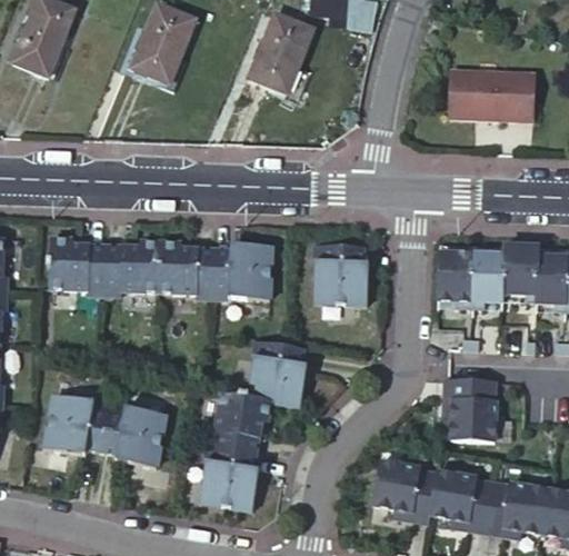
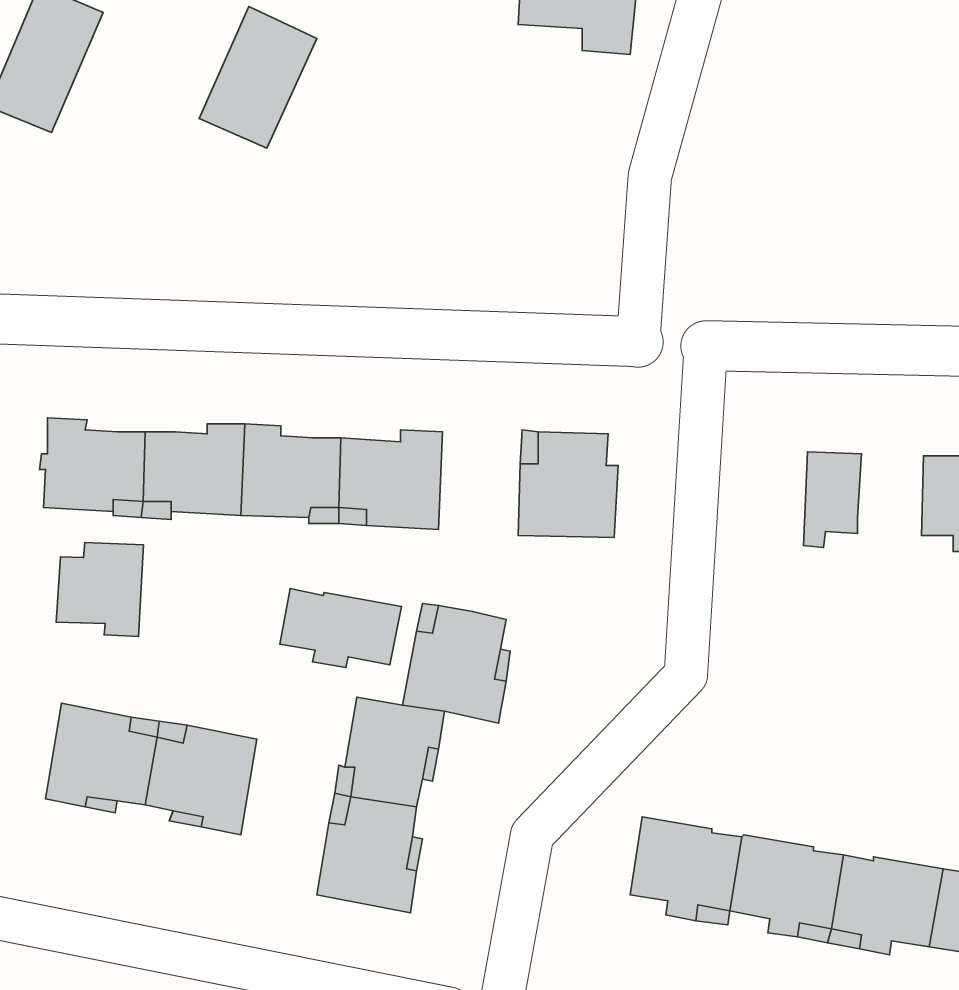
building: [252,11,317,90] -> none
building: [449,76,532,125] -> none
building: [499,246,537,301] -> none
building: [436,254,471,307] -> none
building: none -> [56,543,144,636]
building: none -> [280,589,402,667]
building: [441,378,493,438] -> none

